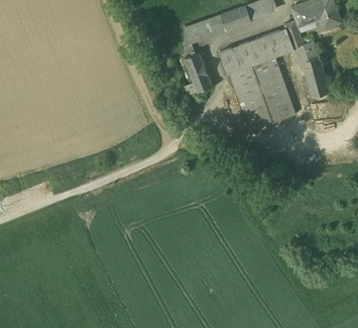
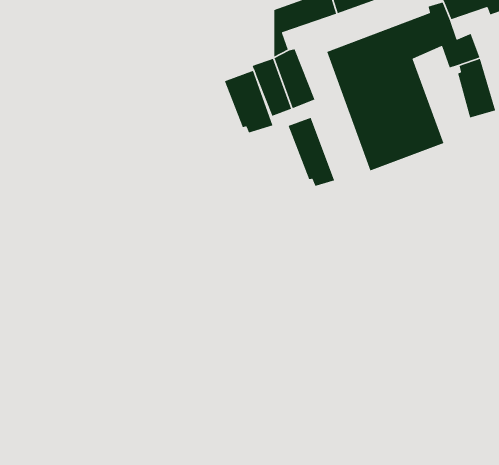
building: none -> [224,70,274,133]
building: none -> [287,117,335,187]

